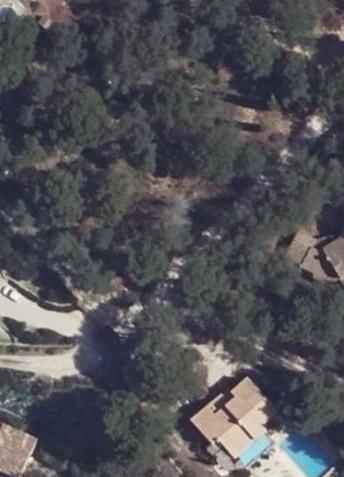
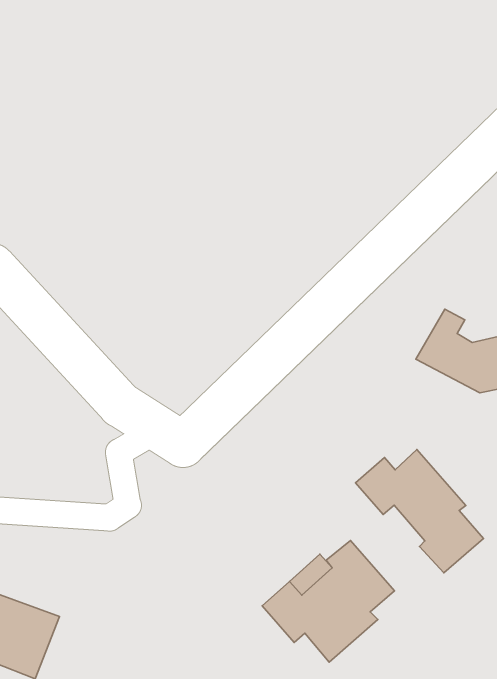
building: none -> [356,449,484,573]

